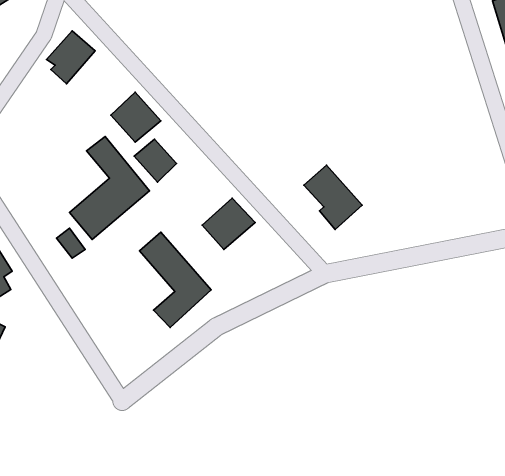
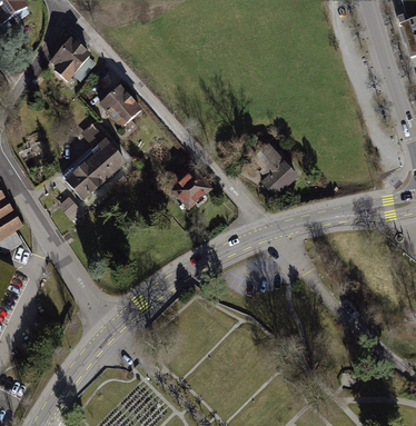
building: [134,139,177,182] -> none
building: [140,232,211,328] -> none

